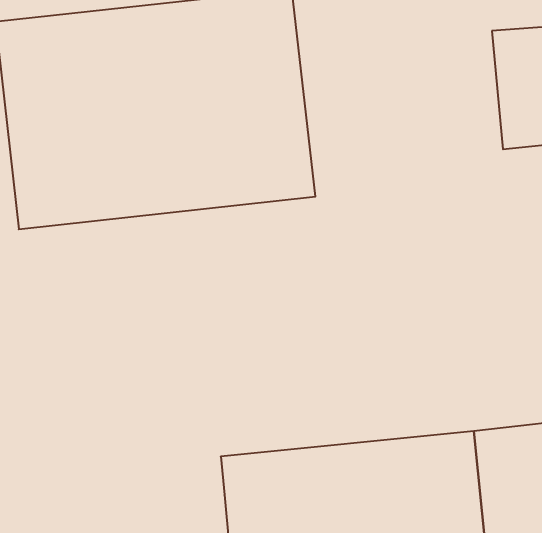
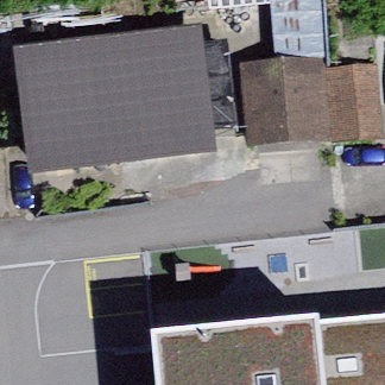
building: none -> [245,45,336,138]

